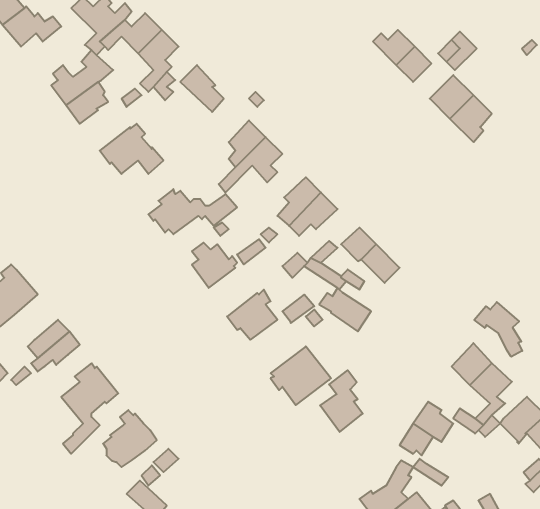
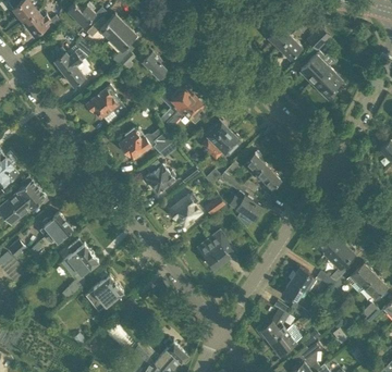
building: [474,302,522,357] -> none
building: [320,370,363,432] -> none

